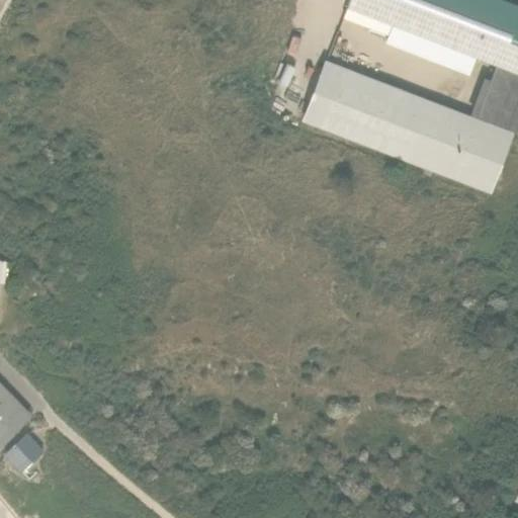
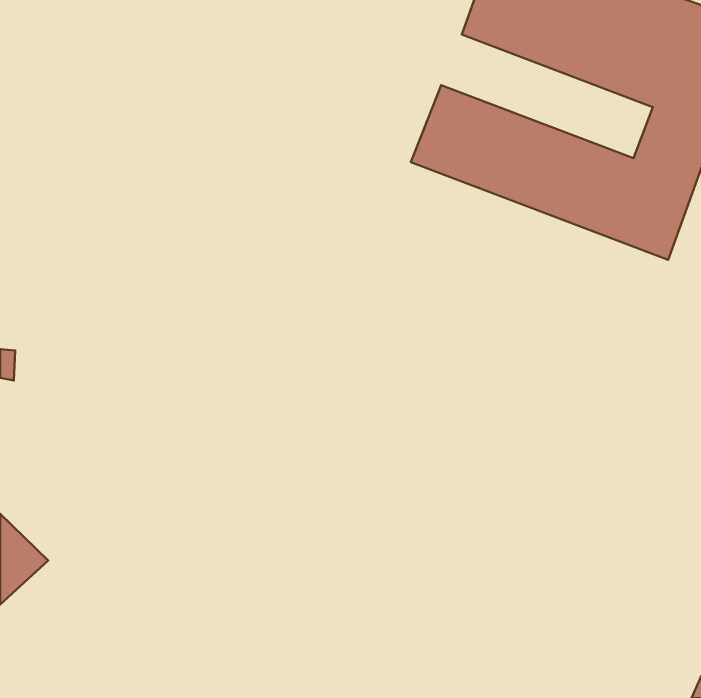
building: [11,434,48,465] -> none

